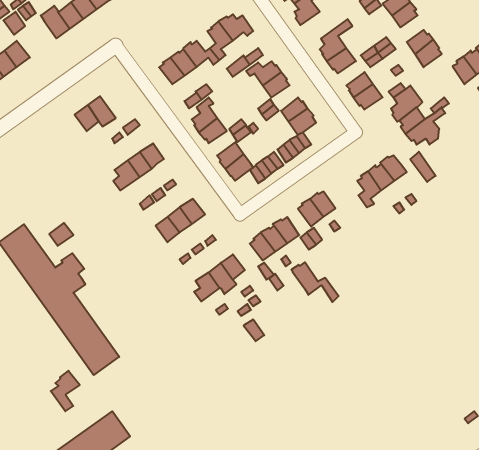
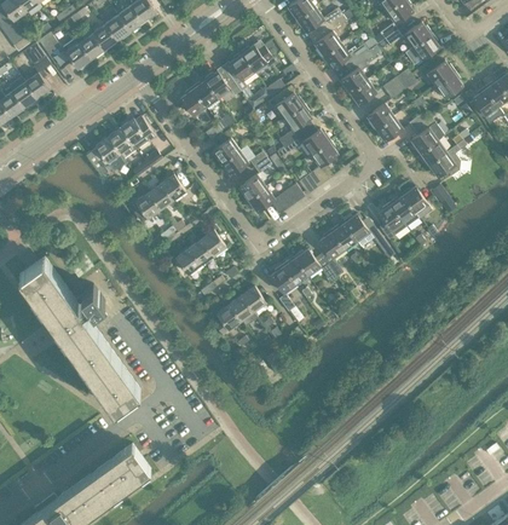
building: none -> [321,44,368,70]
building: none -> [120,117,154,150]
building: [291,262,339,302] -> [342,214,389,254]
building: [51,371,80,411] -> none

